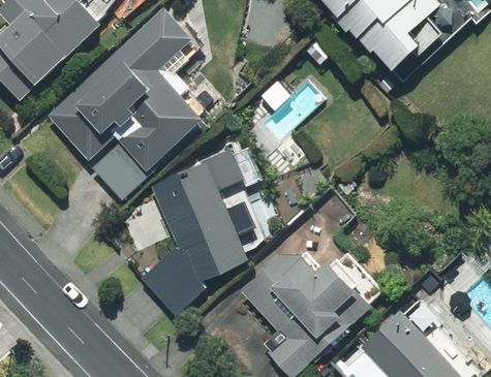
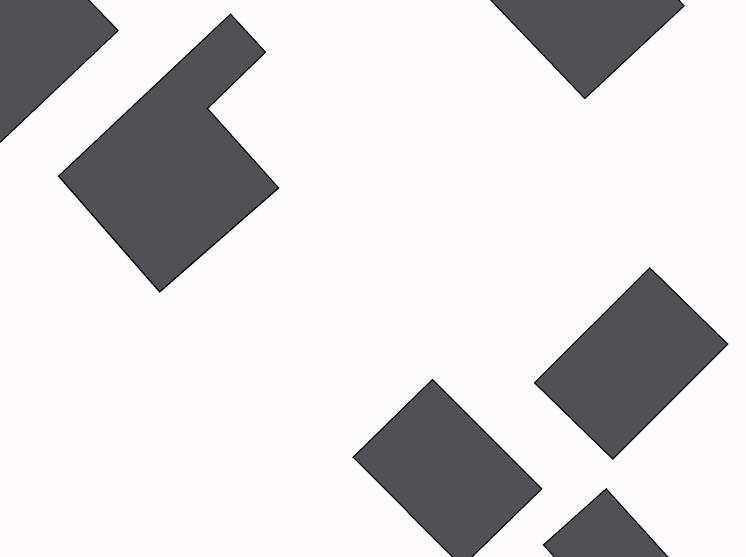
building: [144,163,249,310] -> none
building: none -> [535,268,728,459]

